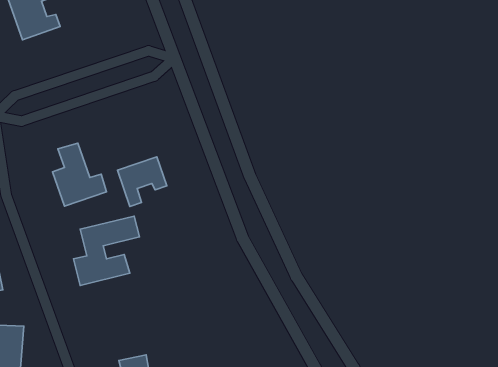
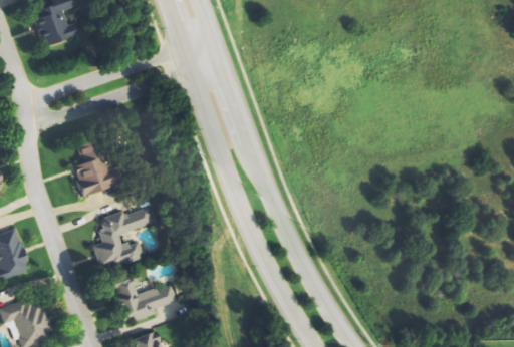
building: [118,157,167,206] -> none
building: none -> [110,277,174,323]

